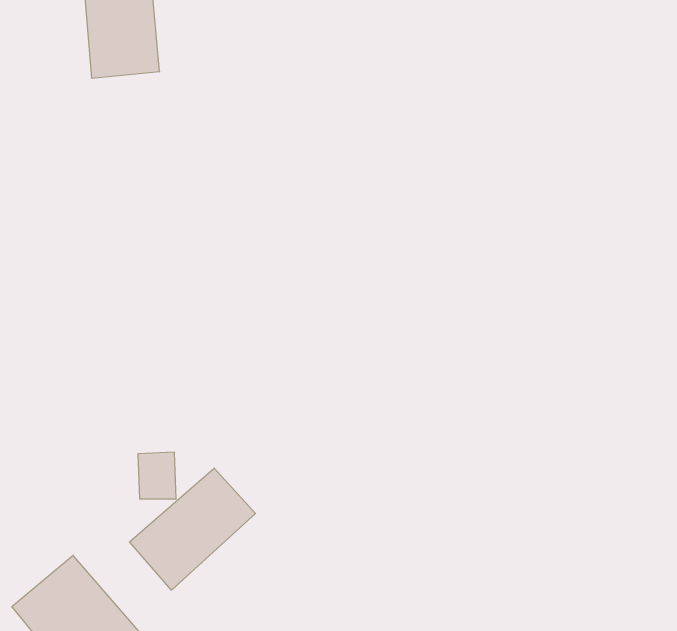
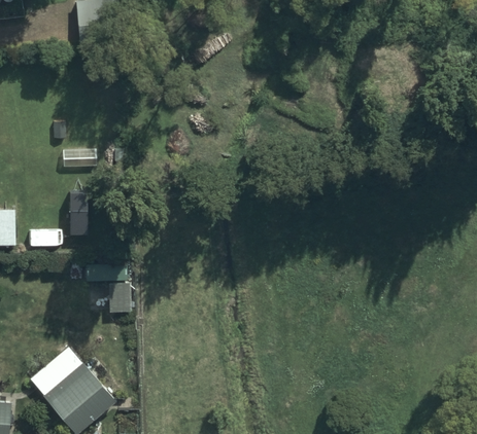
building: [130,468,255,590] -> none

